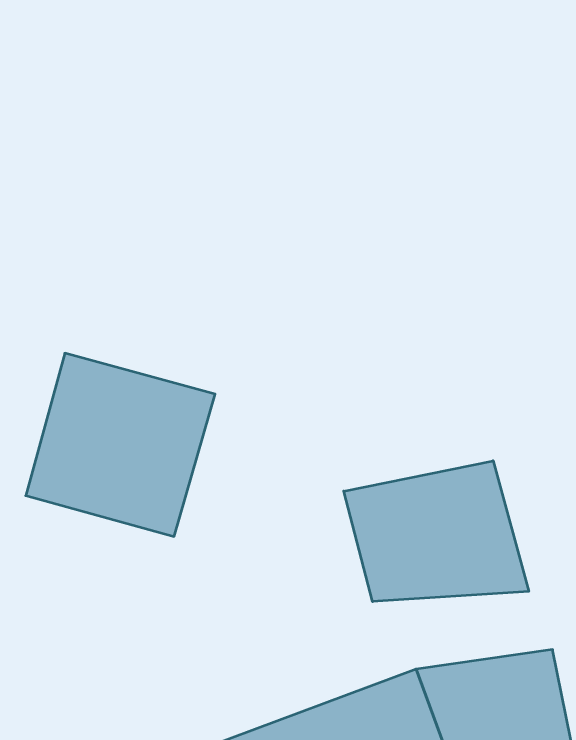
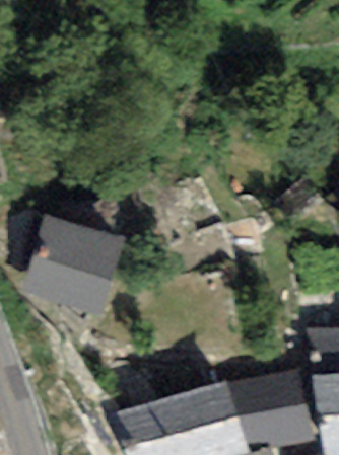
building: [344,461,529,602] -> none

